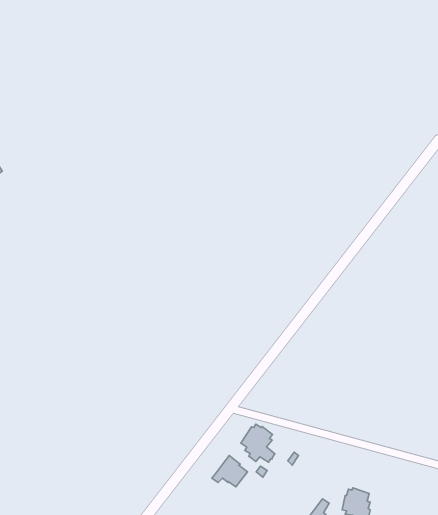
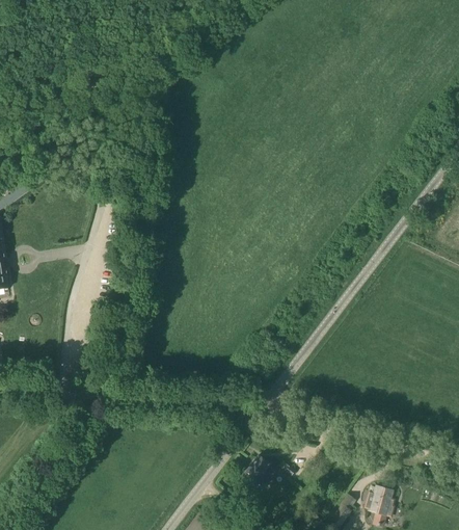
building: [241,424,275,462] -> none

